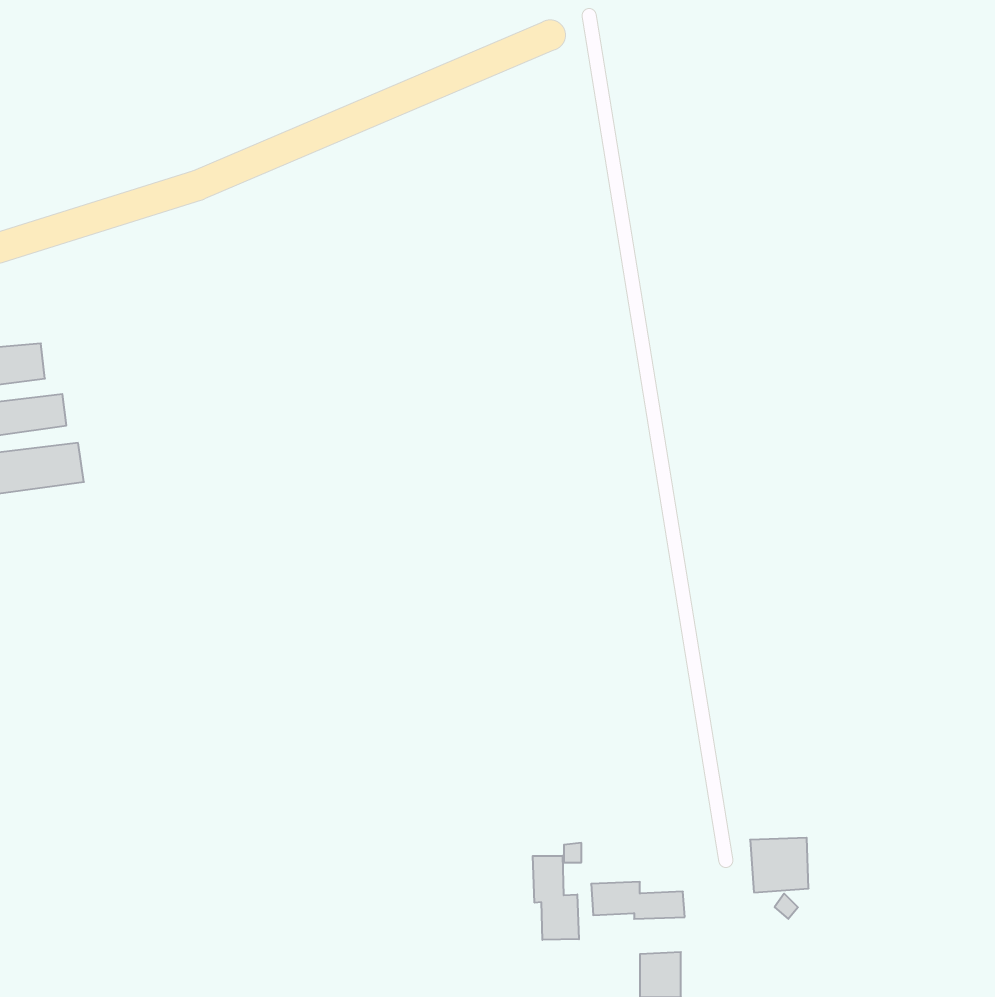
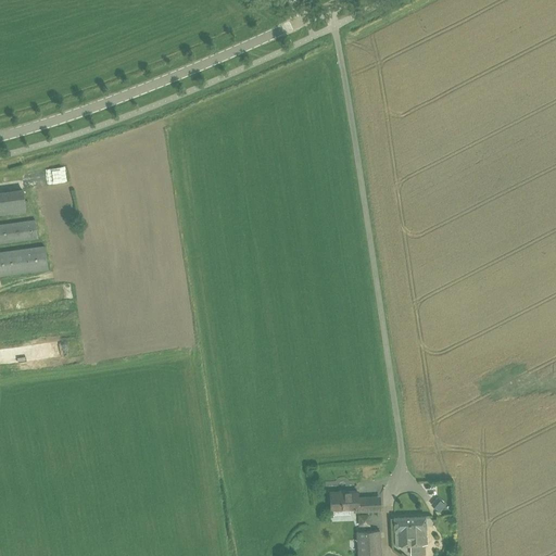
building: [750,838,809,892] -> [393,516,426,546]
building: [533,856,579,940] -> none

